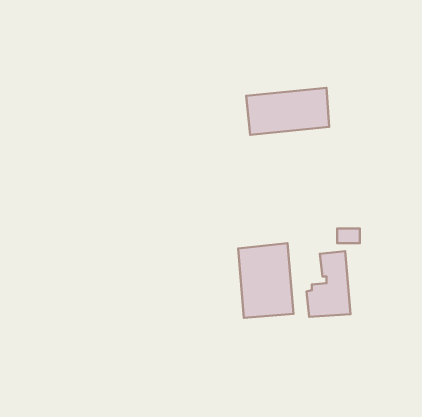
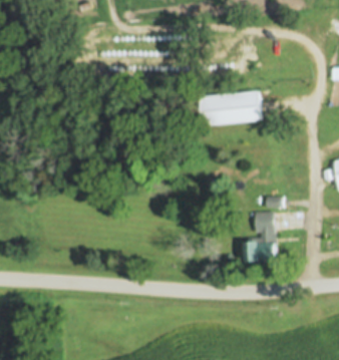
building: [238,243,293,318] -> none

